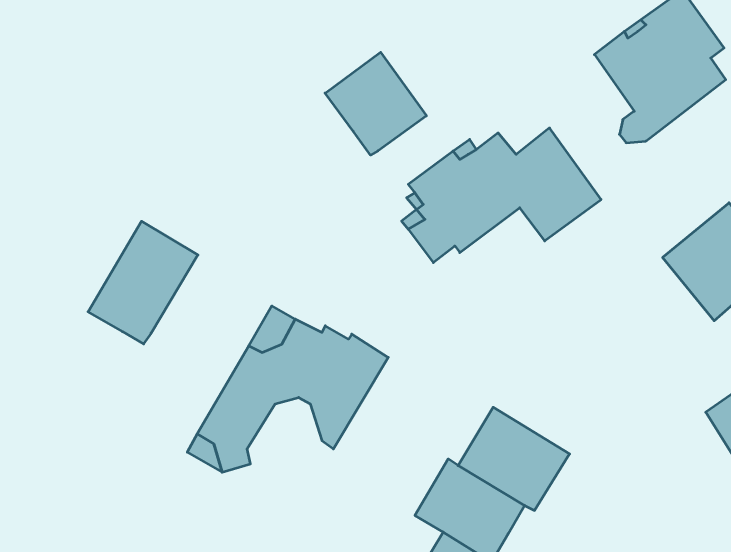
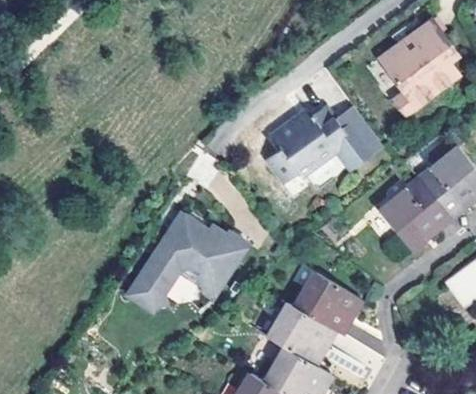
building: [325,52,426,155] -> none
building: [88,221,198,344] -> none
building: none -> [379,181,448,249]

